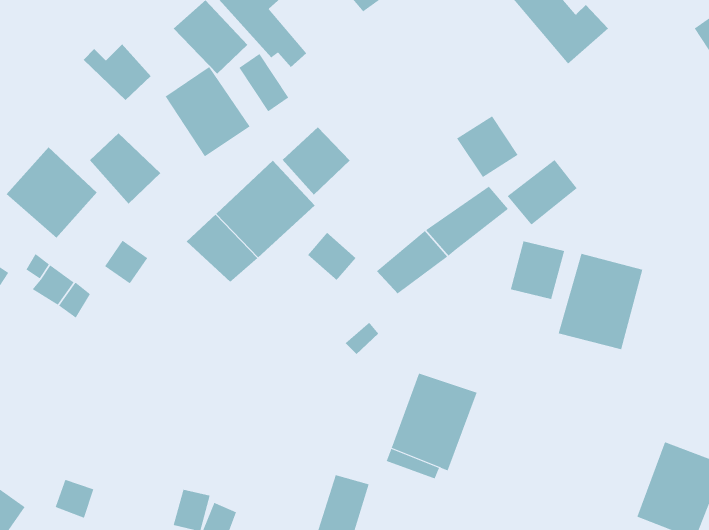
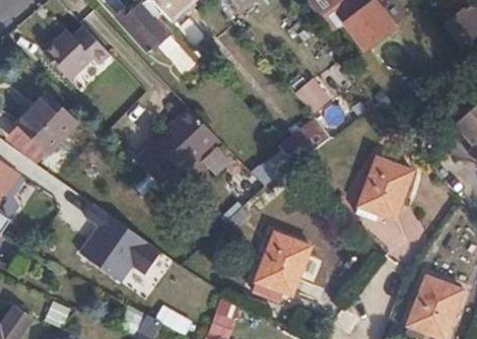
building: [165,66,250,157] -> none
building: [282,126,350,195] -> none
building: [89,132,161,204] -> [47,41,91,85]
building: [507,159,578,225] -> none
building: [510,240,565,300] -> none
building: none -> [81,201,175,296]

